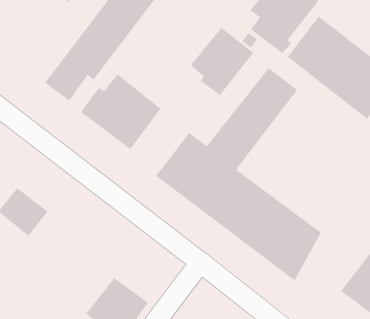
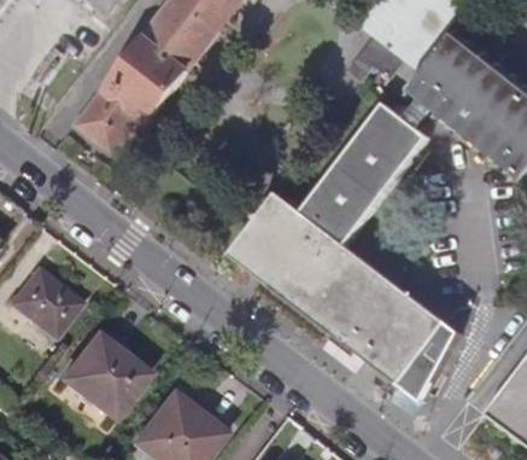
building: [190,27,254,96] -> none
building: [80,74,161,150] -> none
building: none -> [60,333,147,419]

